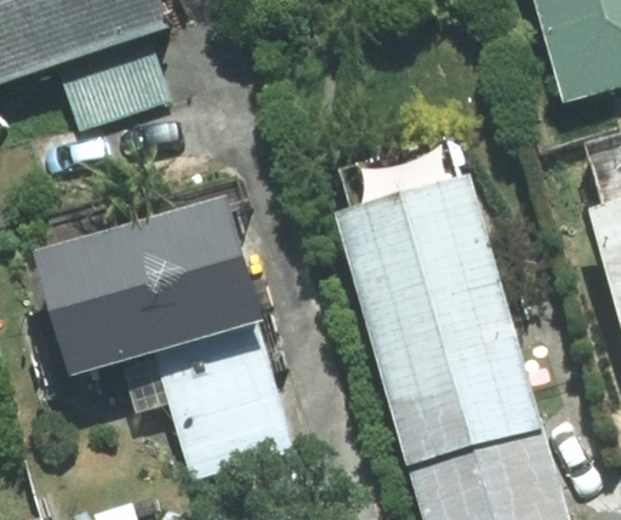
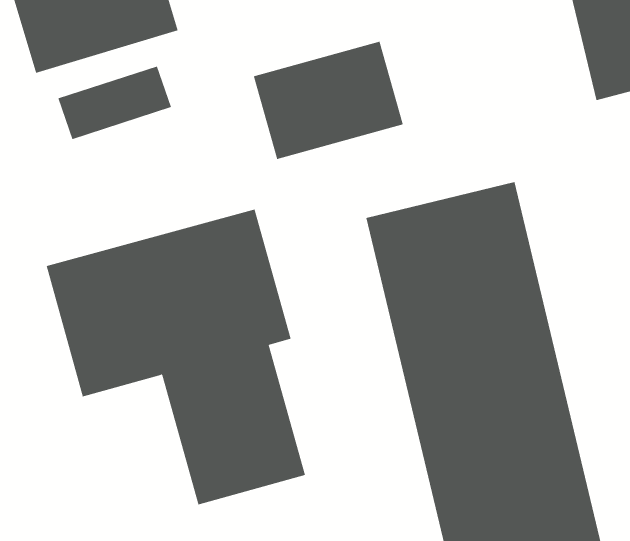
building: none -> [253,41,403,160]

